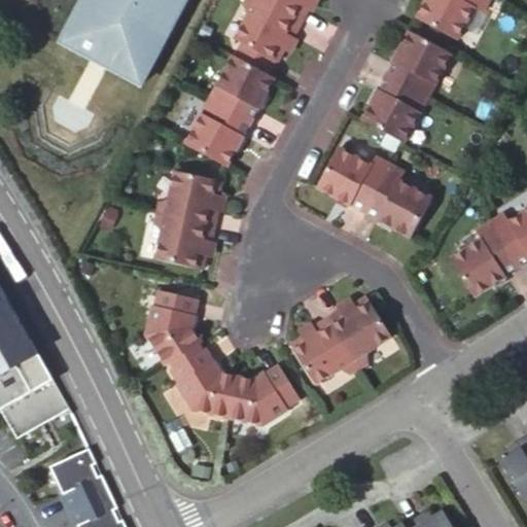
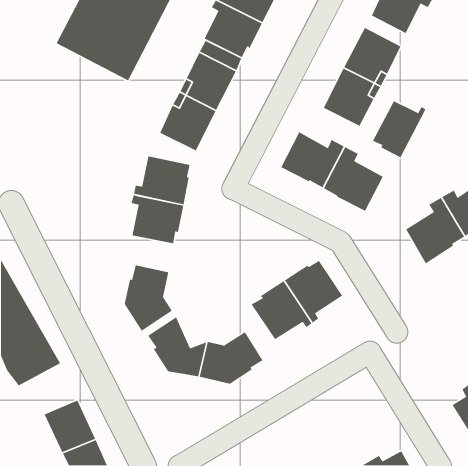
building: none -> [372,100,427,158]

